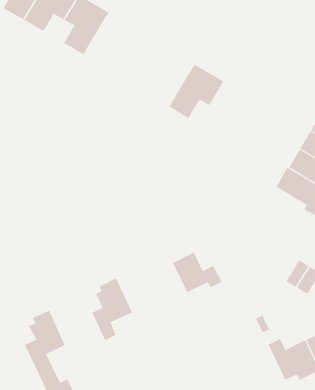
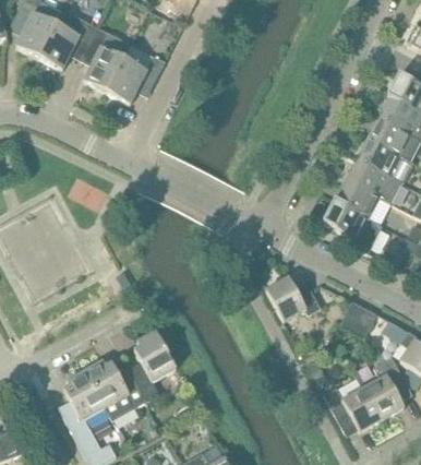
building: [168,64,224,119] -> [107,44,166,104]
building: [172,252,223,293] -> [266,276,322,321]
building: none -> [85,360,147,419]

